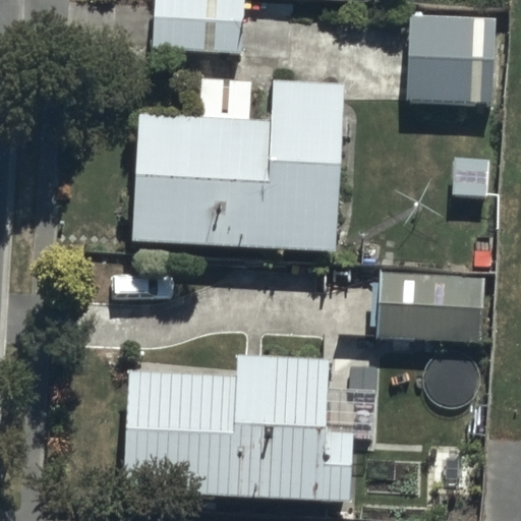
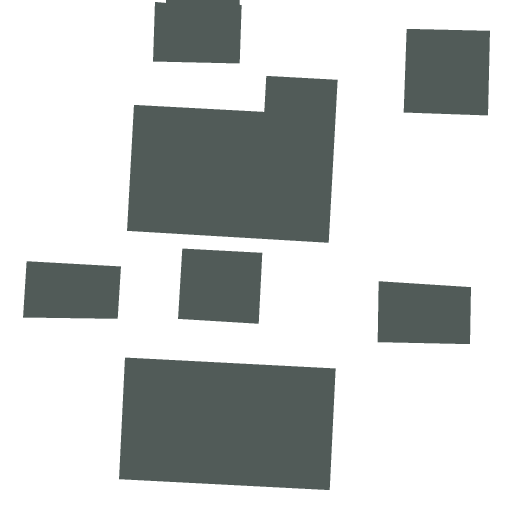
building: none -> [177,248,263,325]
building: none -> [22,261,122,320]

